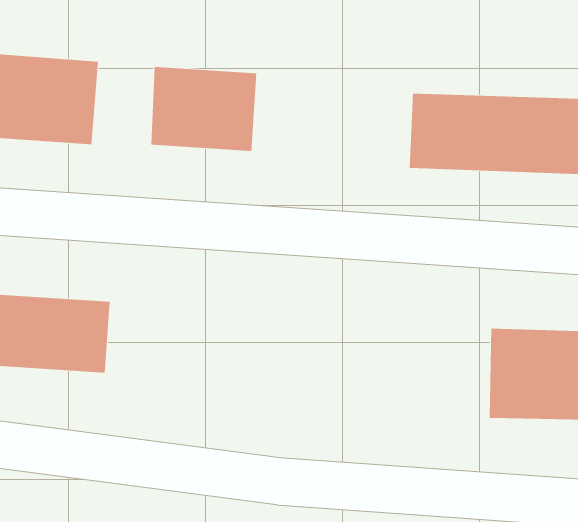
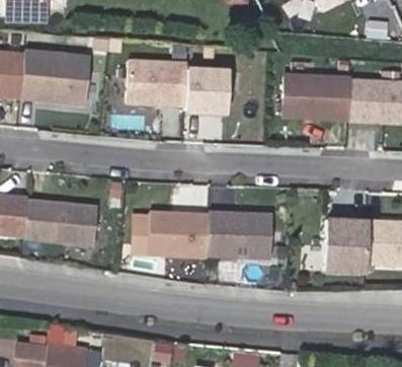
building: none -> [188,68,228,113]
building: none -> [148,209,274,261]

